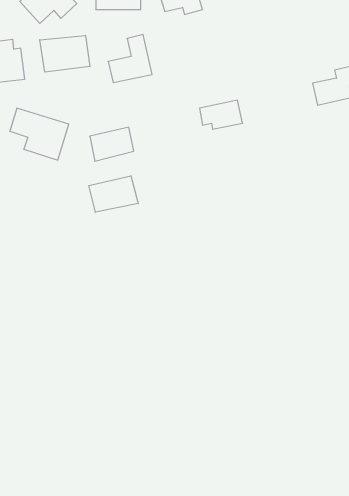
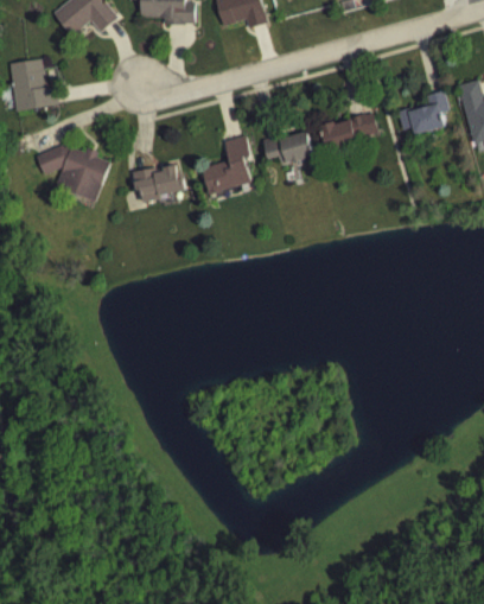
building: [108,34,152,82] -> [200,135,253,192]
building: [40,35,90,72] -> none
building: none -> [320,109,378,150]
building: [89,176,138,212] -> none

